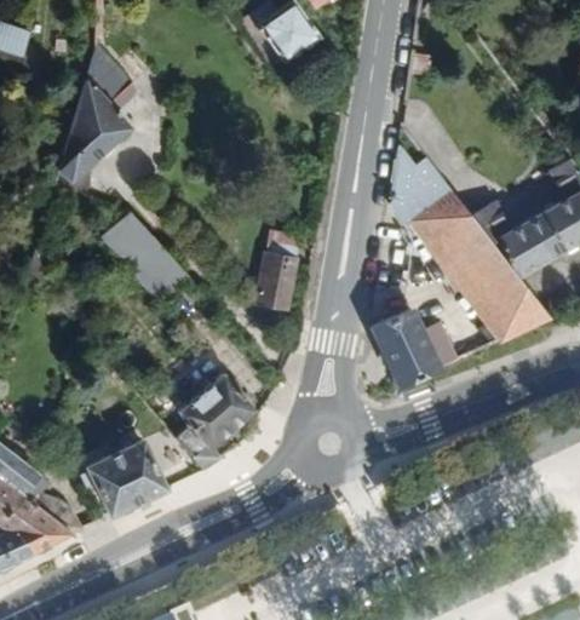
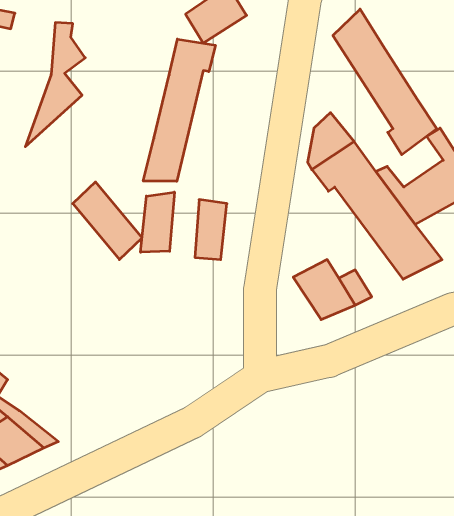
building: none -> [333,9,437,155]
building: none -> [143,39,215,181]
building: none -> [141,192,174,252]
building: [171,383,258,476] -> none
building: [104,441,182,512] -> none

